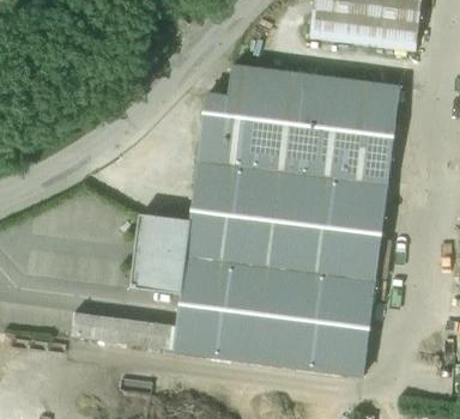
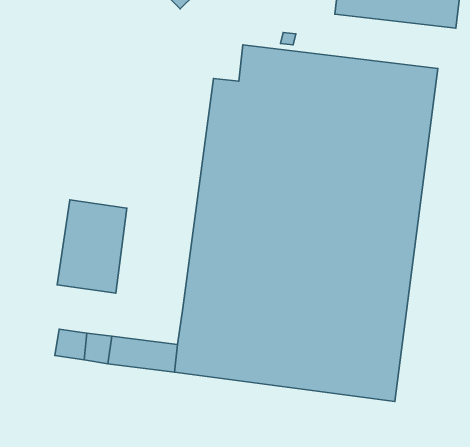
building: [131,213,190,293] -> [57,200,127,293]

